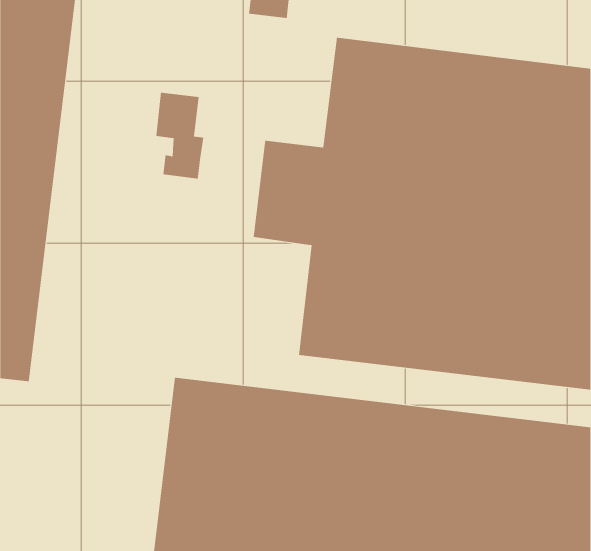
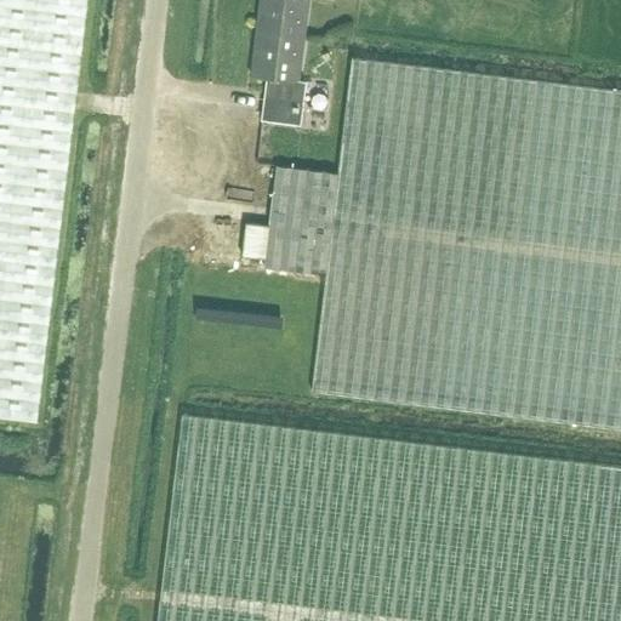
building: [156,92,204,179] -> [256,34,307,125]

